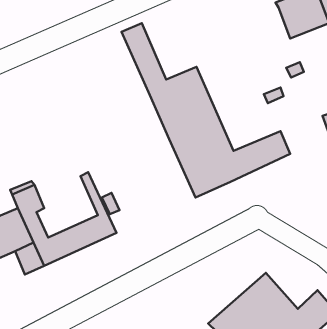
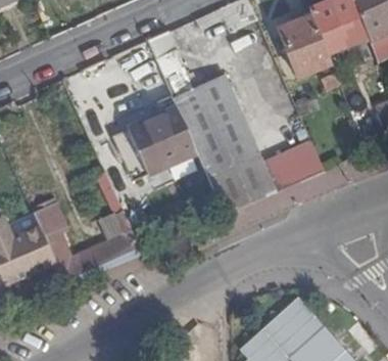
building: none -> [277,14,330,76]
building: none -> [116,106,197,174]

